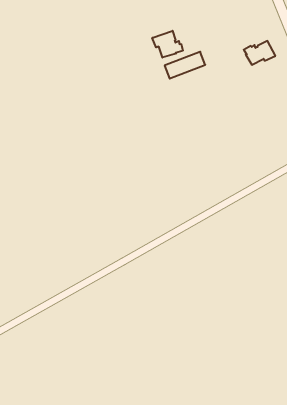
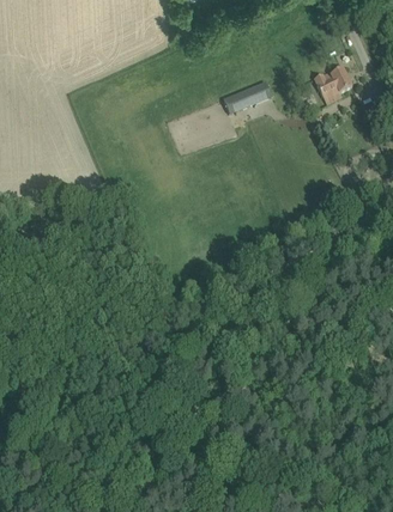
building: [152,31,183,58] -> none

